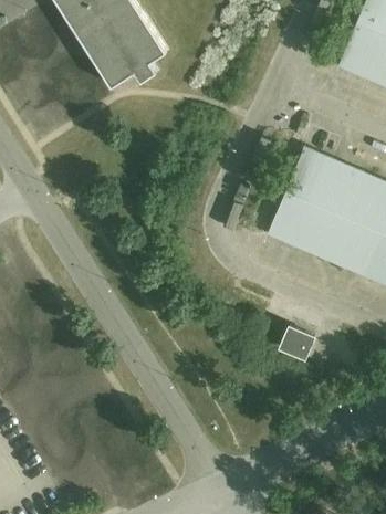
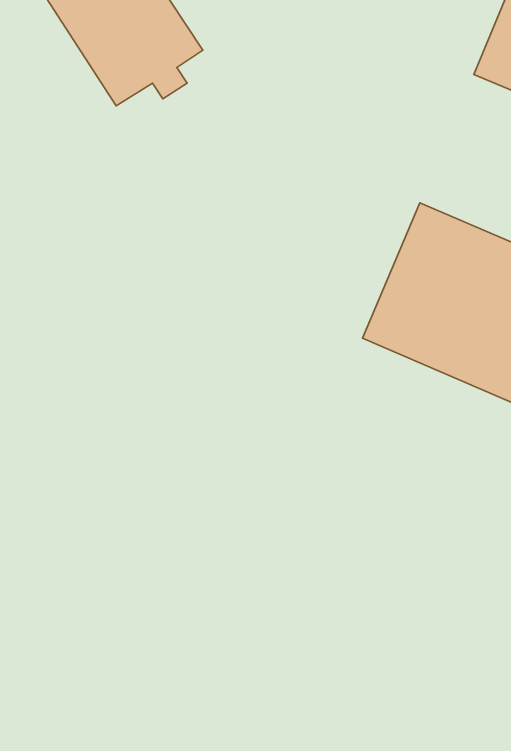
building: [280,326,314,358] -> none

